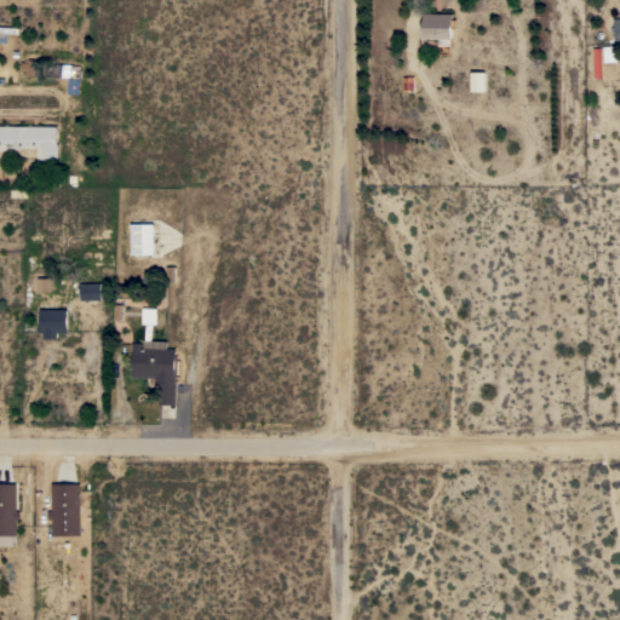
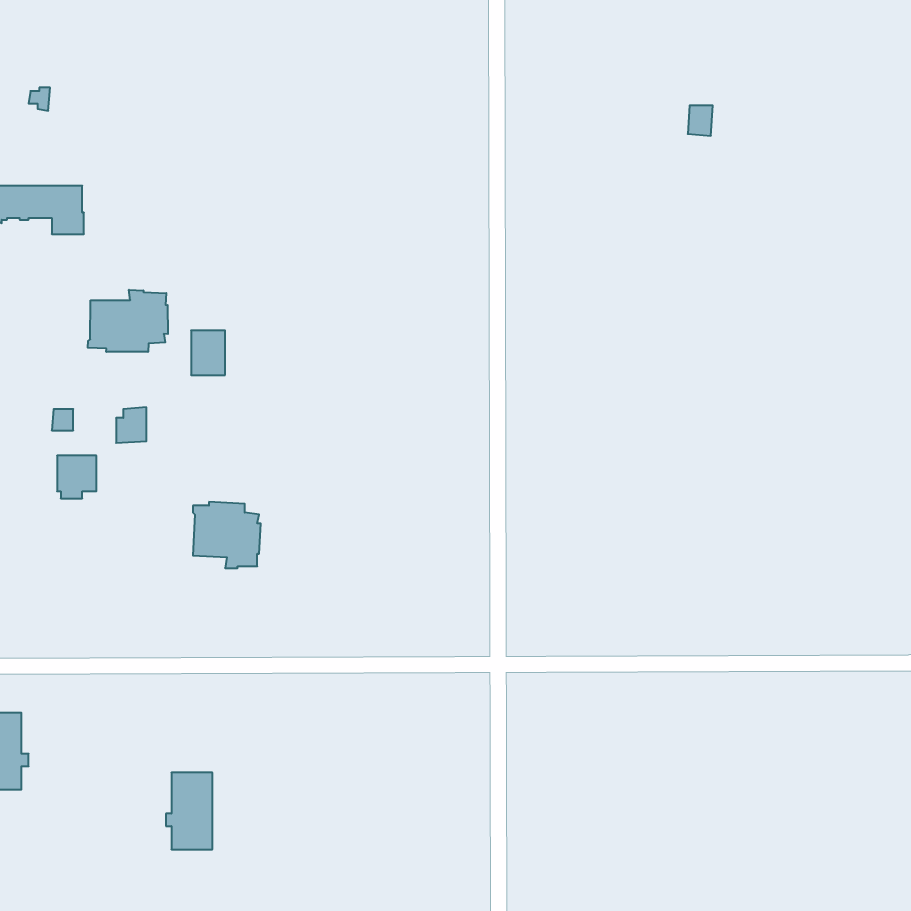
building: [423,15,454,46] -> none
building: none -> [88,290,168,352]
building: [47,484,79,536] -> [166,773,212,849]

